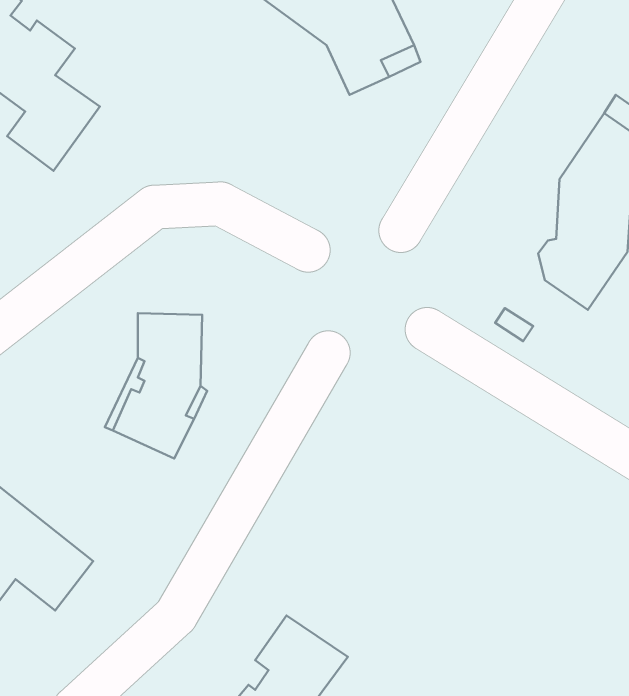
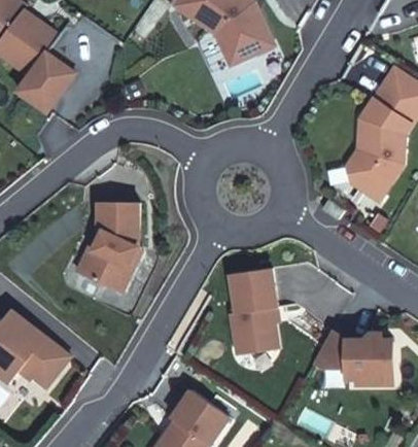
building: none -> [231,268,278,353]
building: none -> [313,331,392,382]

